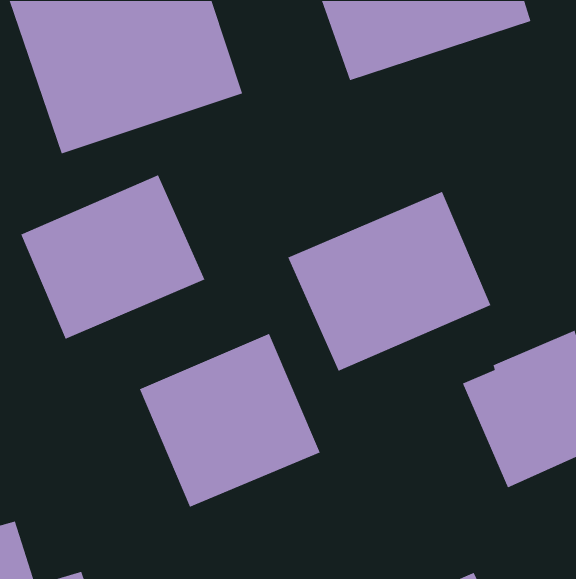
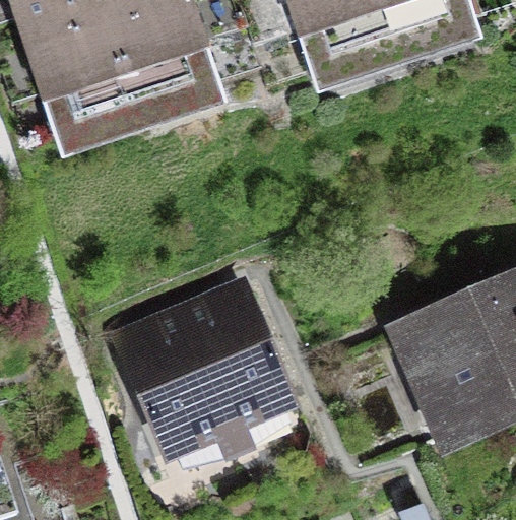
building: [20,174,205,340] -> none
building: [287,191,491,372] -> none

